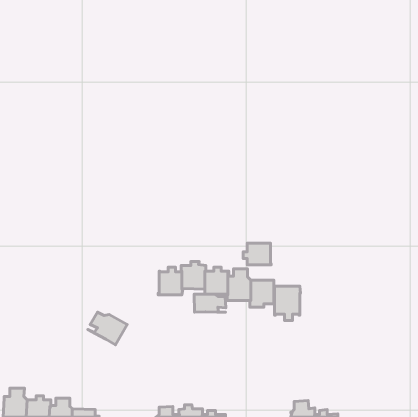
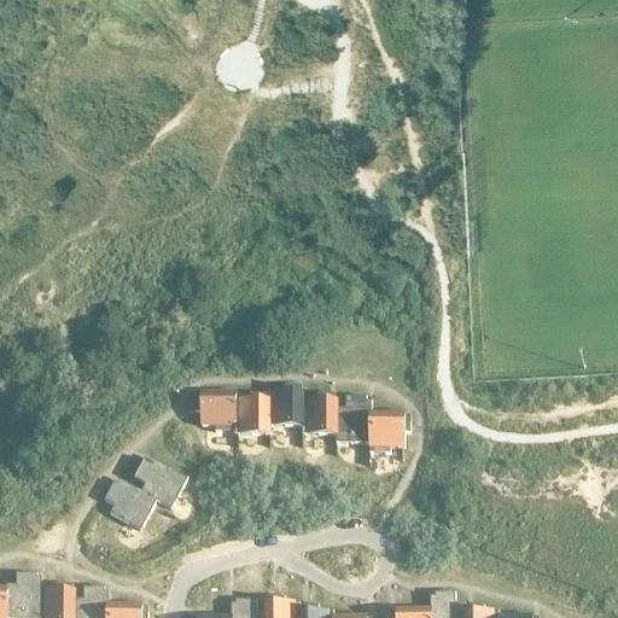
building: [243,243,271,265] -> none
building: none -> [194,390,235,432]
building: [274,286,301,320] -> none
building: [194,294,226,312] -> none
building: none -> [103,480,156,530]

